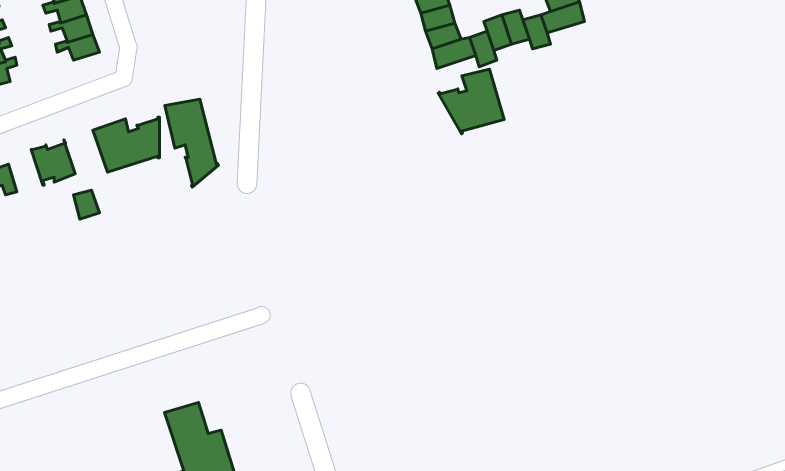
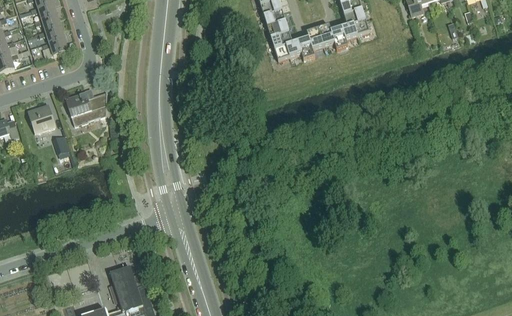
building: [438,69,504,134] -> none
building: [165,99,218,187] -> none

